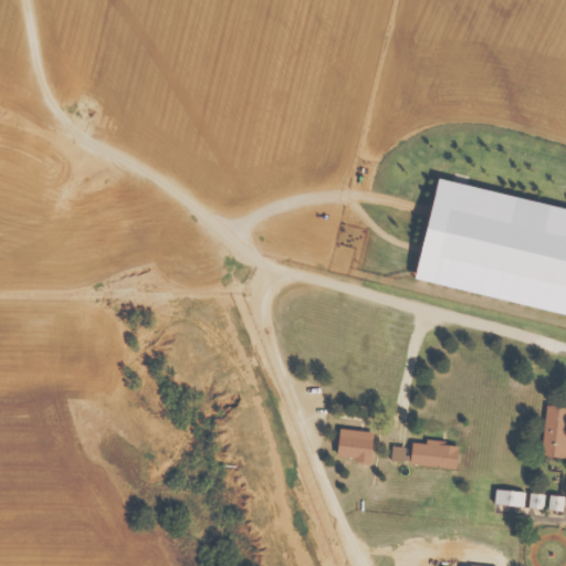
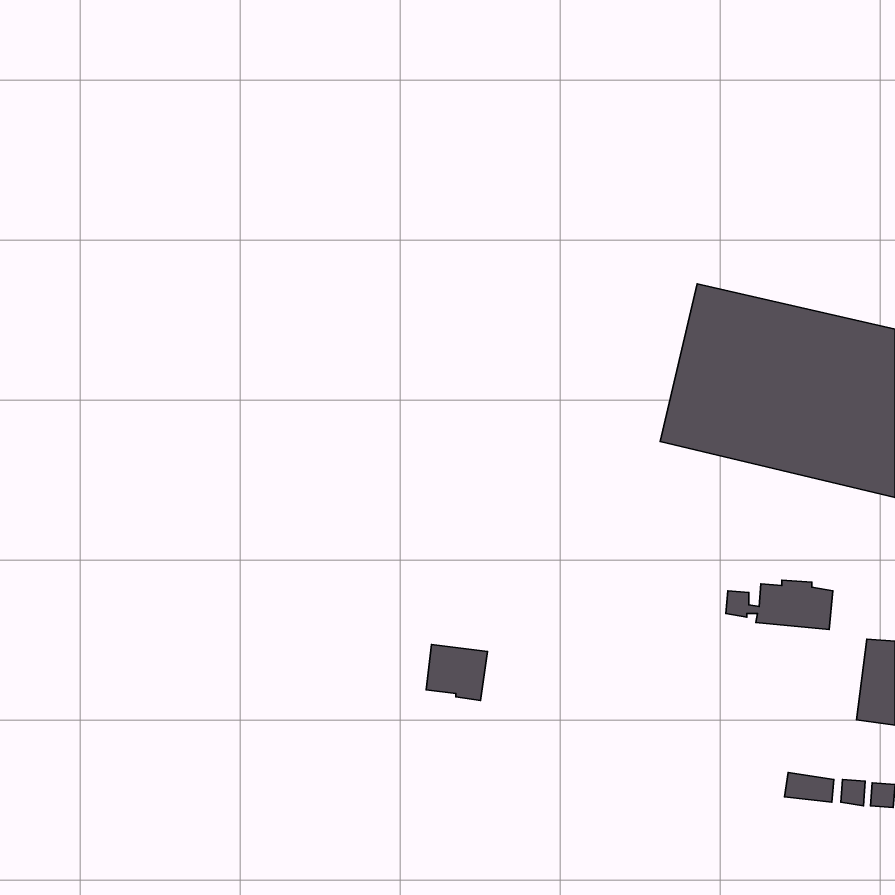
building: [337,427,376,462] -> [426,644,488,700]
building: [392,439,460,470] -> [726,580,833,629]

